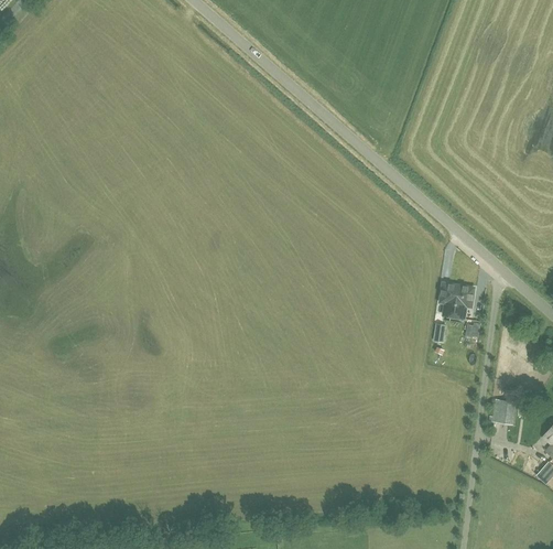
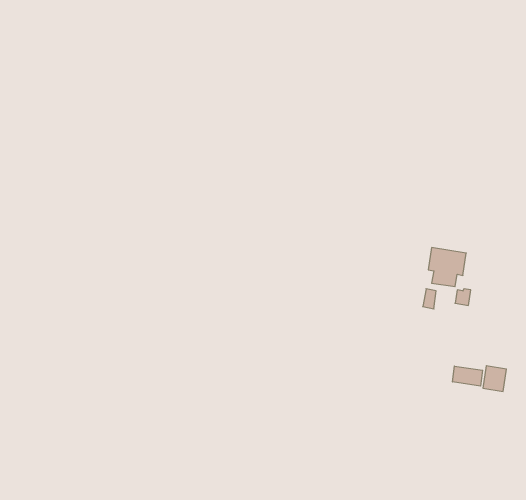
building: none -> [453,366,483,386]

